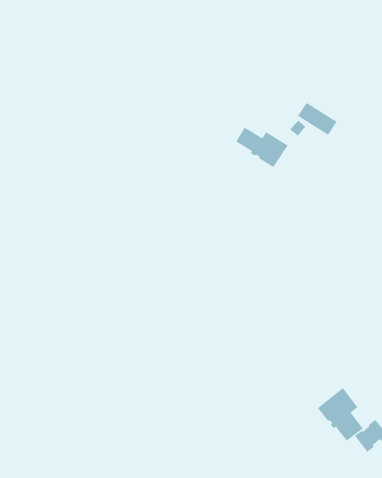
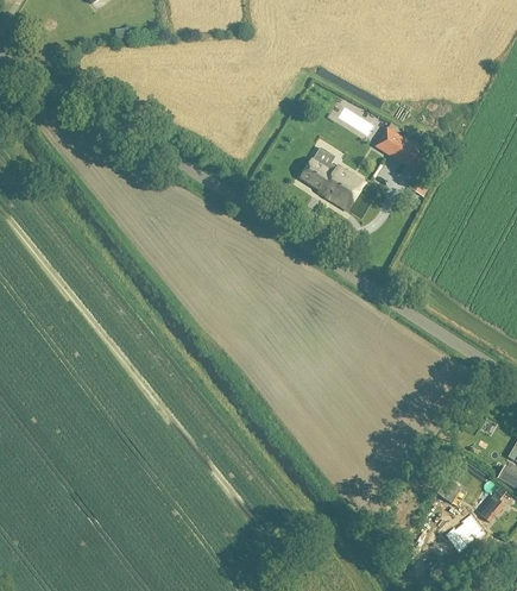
building: [317,387,363,441] -> none

